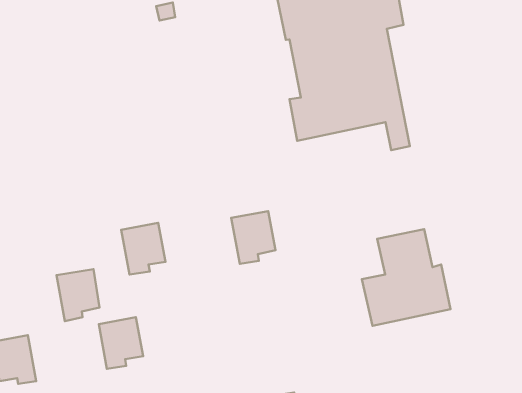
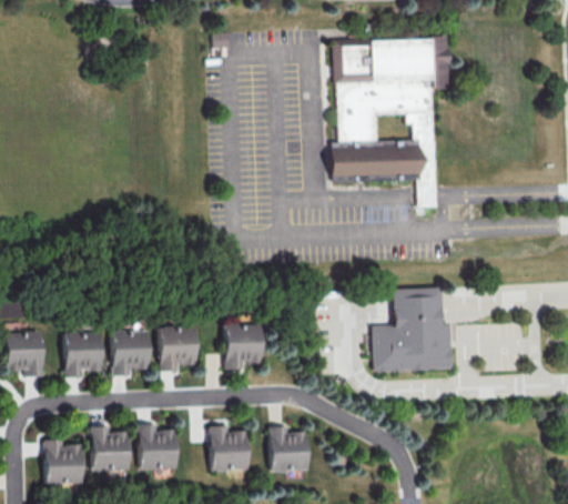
building: [231,211,276,264] -> [224,323,262,370]
building: [121,223,166,275] -> [159,325,196,371]
building: [56,269,100,321] -> [64,332,101,377]

